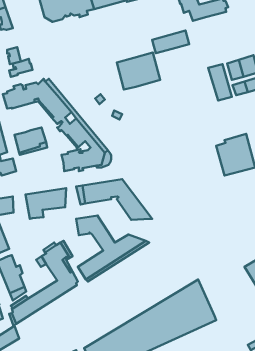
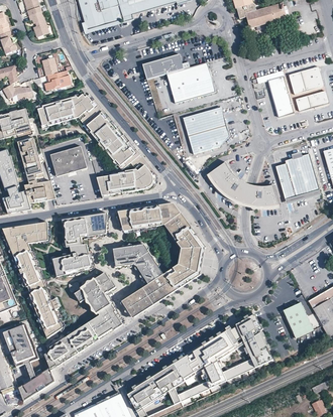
building: [152,31,189,53] -> [142,53,184,79]
building: none -> [181,108,227,154]
building: none -> [208,161,278,206]
building: none -> [53,245,94,277]
building: none -> [178,248,202,272]
building: none -> [282,302,312,337]

